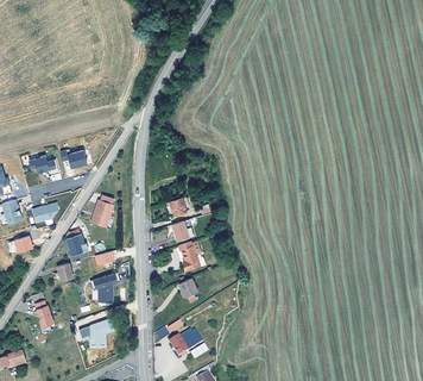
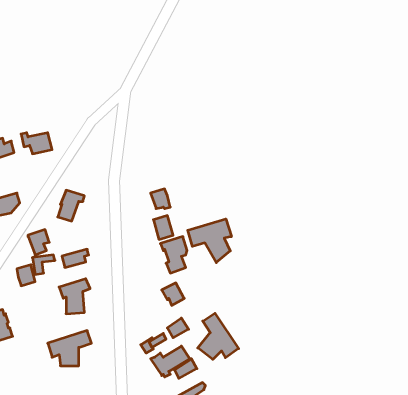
building: none -> [188,219,231,263]
building: none -> [198,313,239,359]

